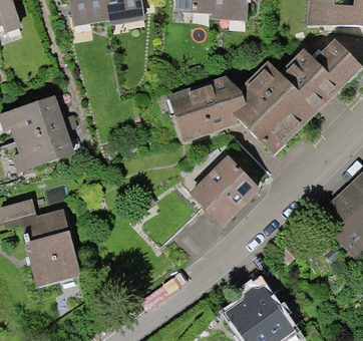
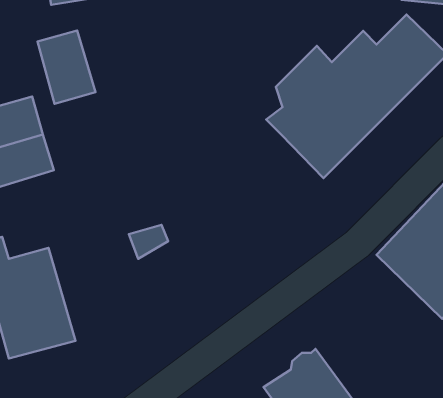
building: none -> [38,30,95,104]
building: [163,76,240,143] -> none
building: [189,155,260,227] -> none

